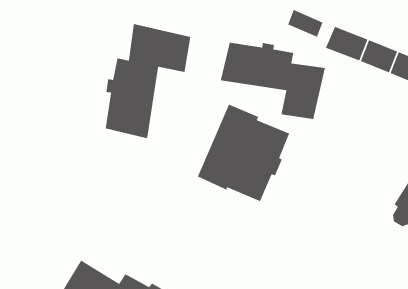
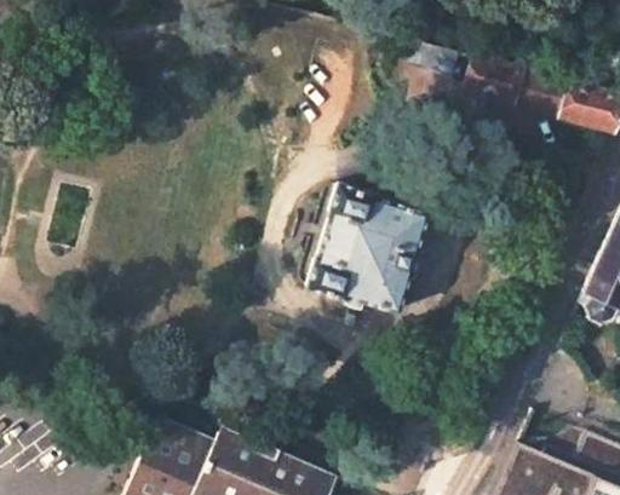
building: [105,23,191,139] -> none
building: [220,42,326,120] -> none

